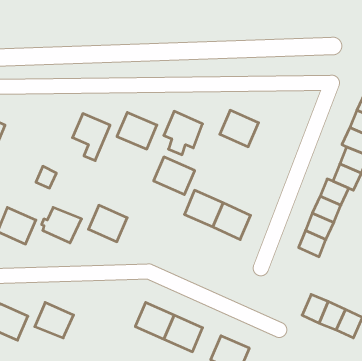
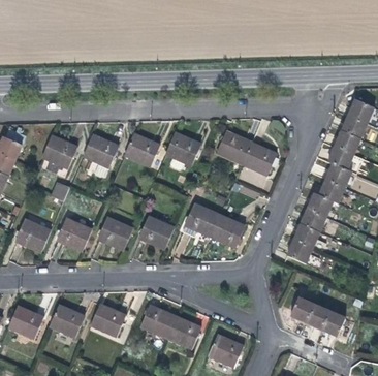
building: none -> [41,135,76,168]
building: none -> [242,143,276,175]
building: [154,157,195,195] -> [136,215,174,249]
building: none -> [90,304,125,338]

